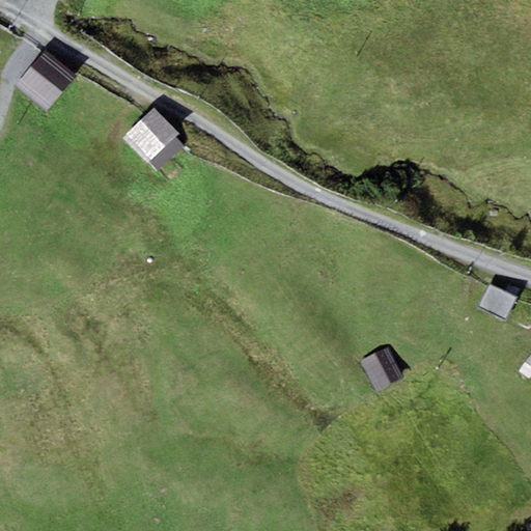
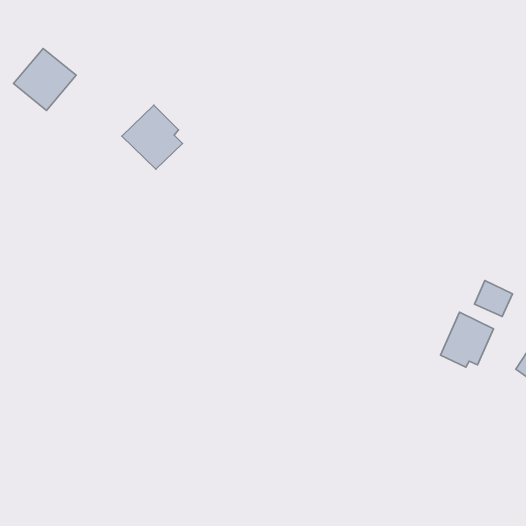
building: none -> [440,312,494,367]
building: [361,346,404,390] -> none

